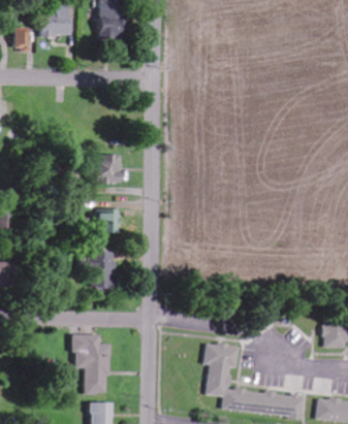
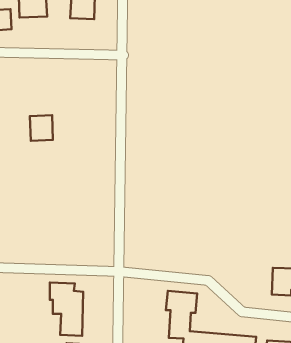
building: [96,155,122,184] -> [30,115,53,141]
building: [98,209,120,233] -> none
building: [81,252,116,293] -> none

